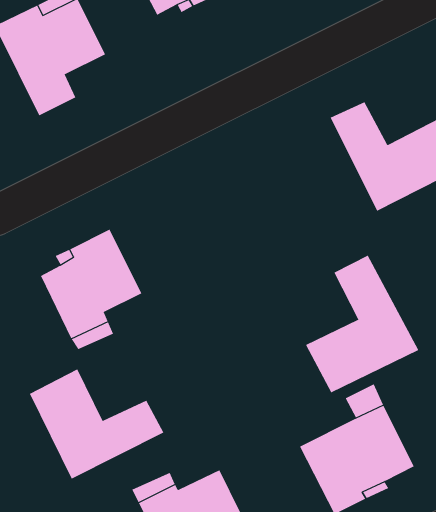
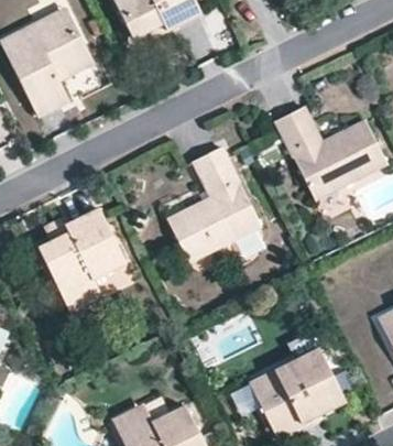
building: [305,255,419,393] -> [166,148,260,261]
building: [29,368,164,479] -> none

